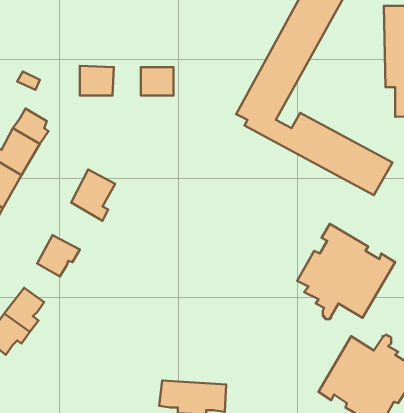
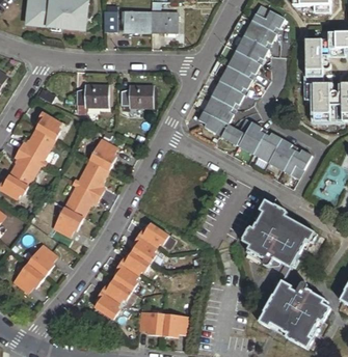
building: none -> [89,138,117,169]
building: none -> [63,183,100,217]
building: none -> [96,222,170,320]

